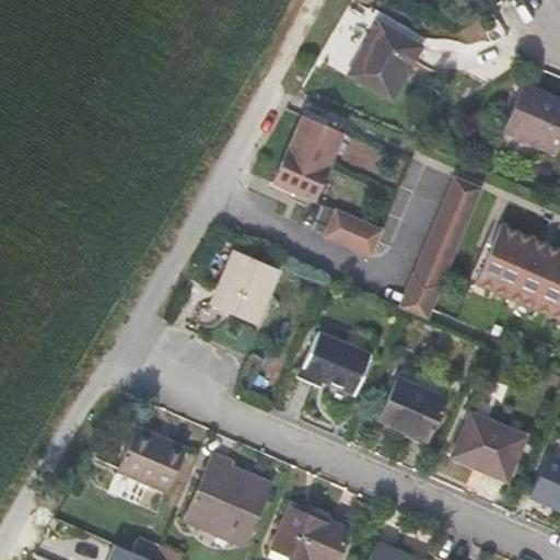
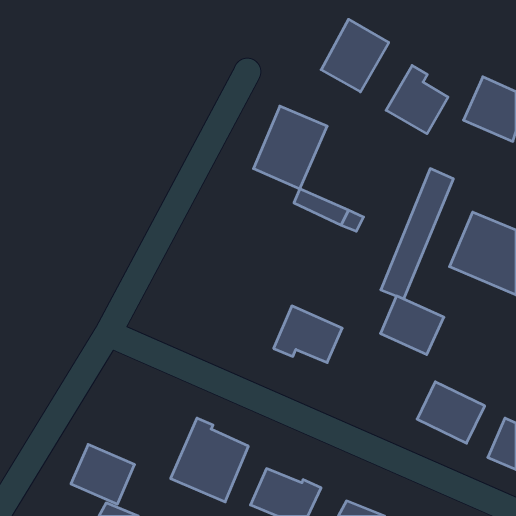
building: none -> [386,65,448,134]
building: [211,249,278,324] -> none
building: [377,377,446,441] -> [380,296,444,355]
building: [116,427,185,491] -> [71,444,135,504]

